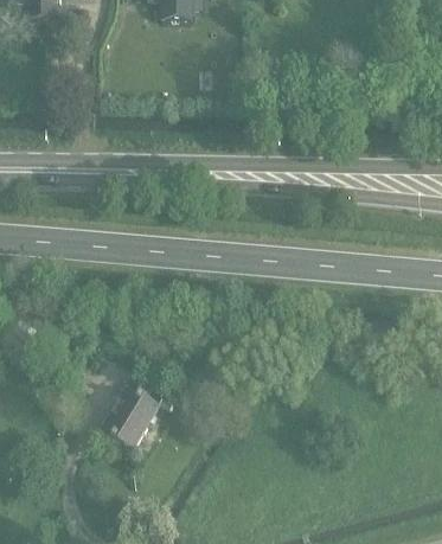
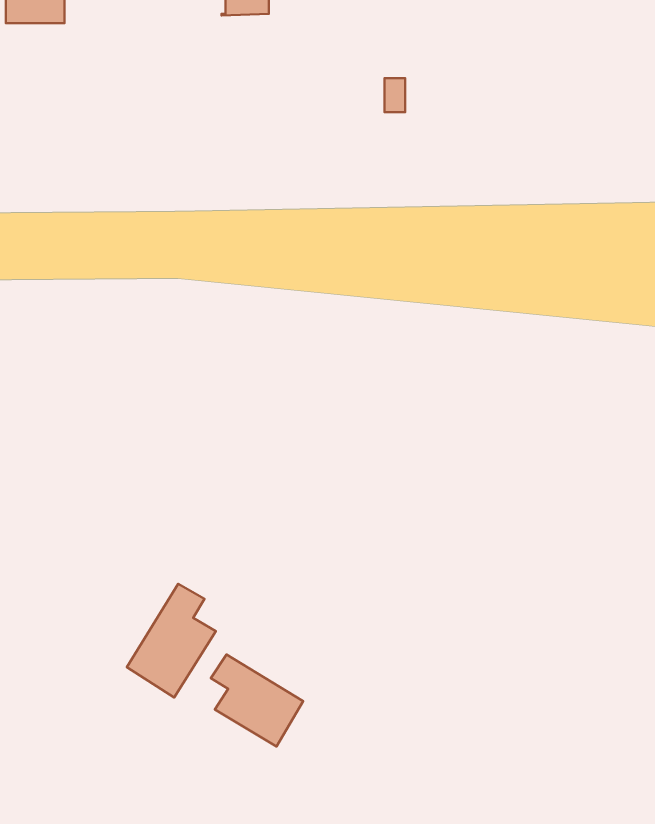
building: none -> [211,654,303,746]

